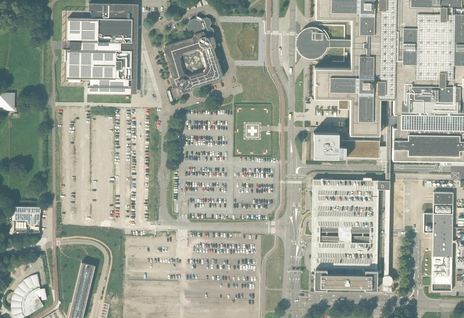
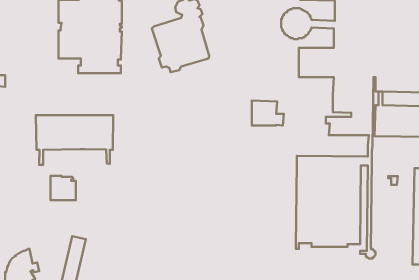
building: [314,132,347,158] -> [252,100,284,126]
building: none -> [36,115,113,165]
building: [15,207,41,232] -> [51,176,76,200]
building: [315,269,378,290] -> none

